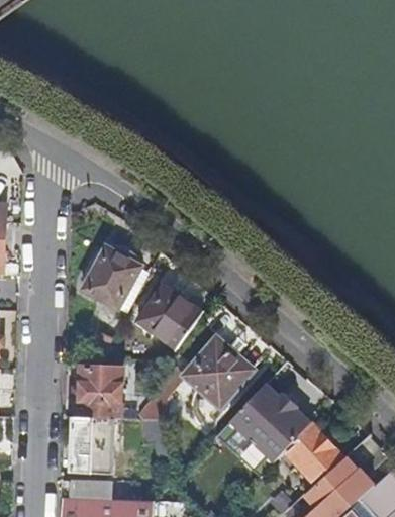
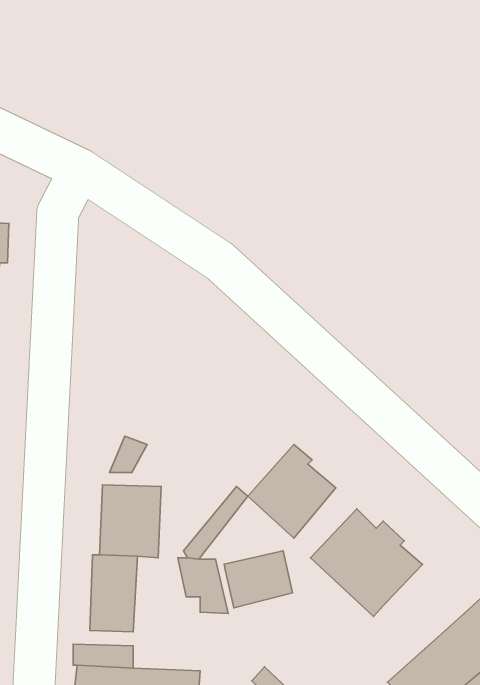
building: [82,244,141,308] -> none
building: [137,287,201,349] -> none
building: none -> [224,551,293,608]
building: [285,425,341,486] -> none

